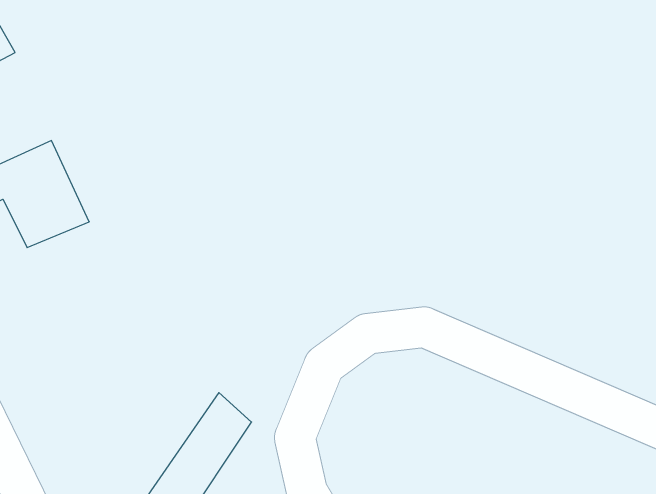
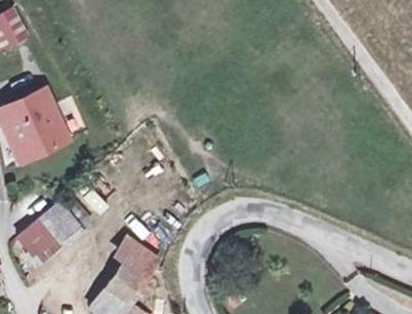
building: none -> [18,206,83,265]

